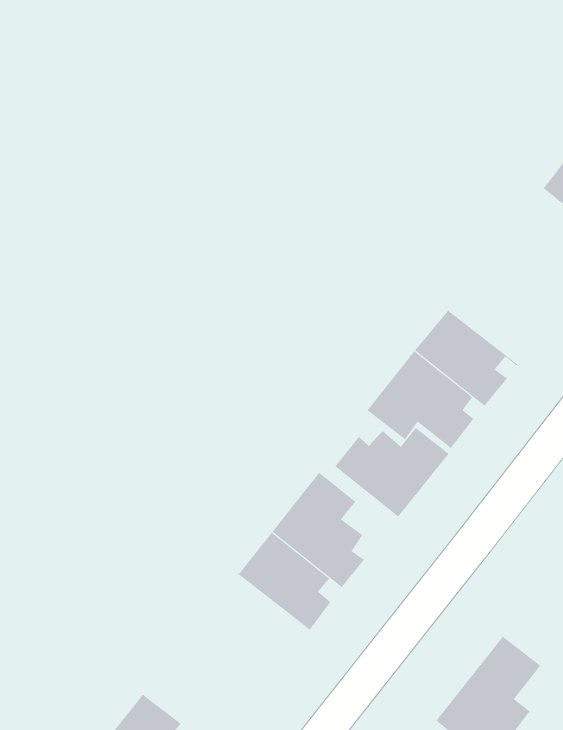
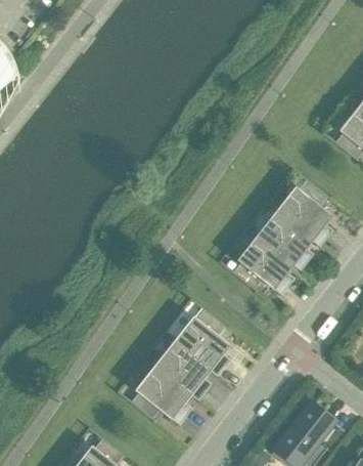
building: none -> [277,177,330,244]
building: [335,427,450,517] -> none
building: none -> [128,366,197,423]

